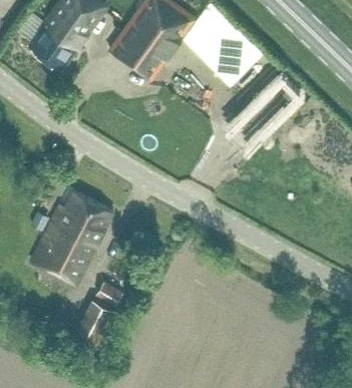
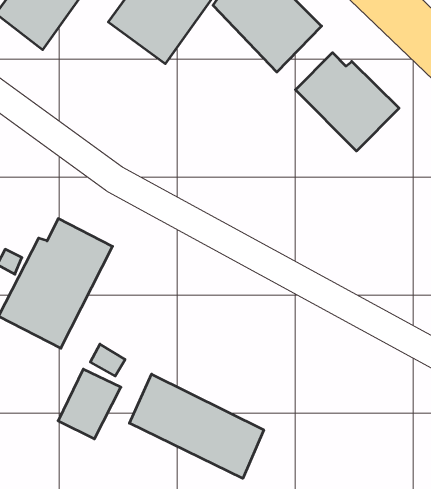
building: none -> [295,53,399,151]
building: none -> [129,374,264,478]

